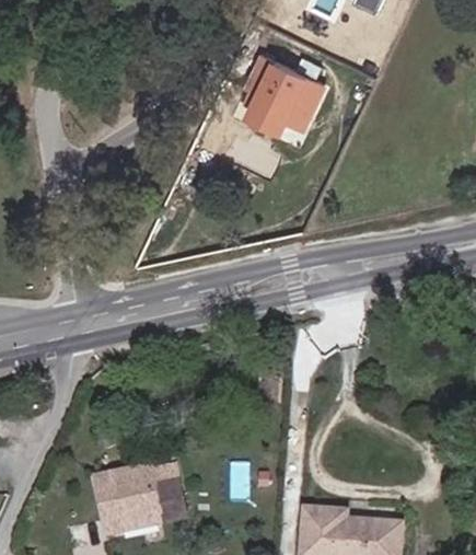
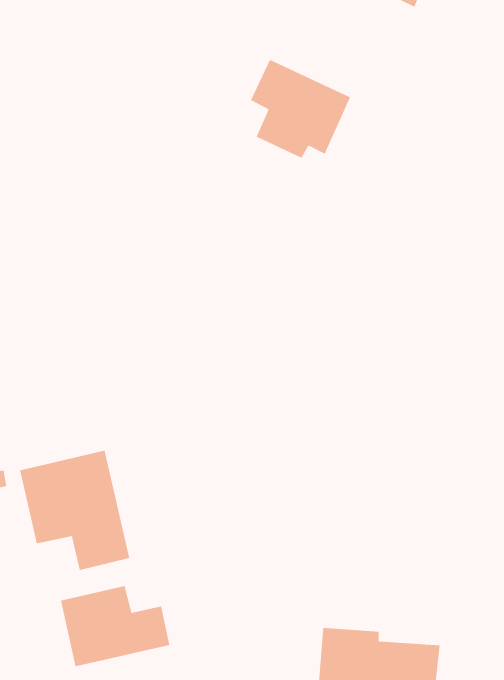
building: none -> [19,450,130,571]

